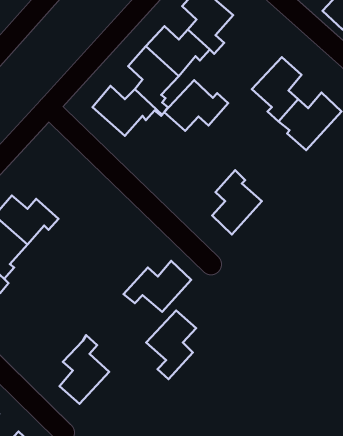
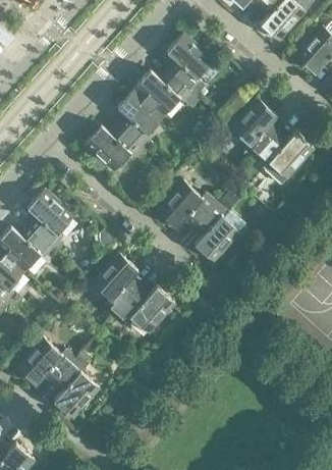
building: [164,80,228,131] -> [158,181,217,228]
building: none -> [27,190,75,248]
building: [146,310,196,379] -> [94,254,140,317]
building: none -> [18,338,76,385]

